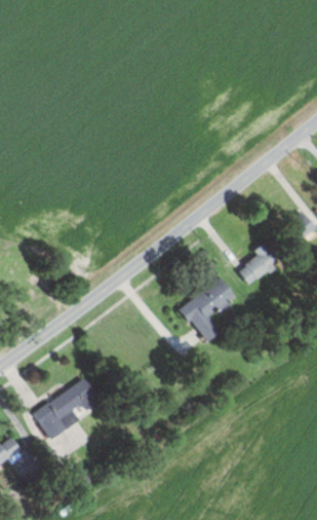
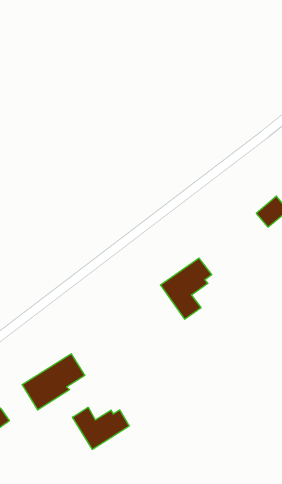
building: [236,246,279,284] -> none
building: none -> [72,407,129,449]

